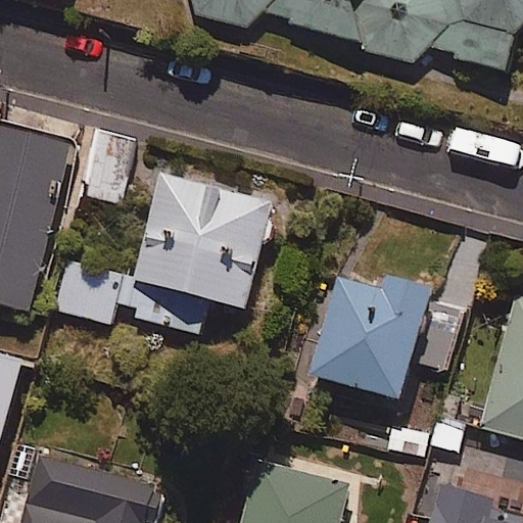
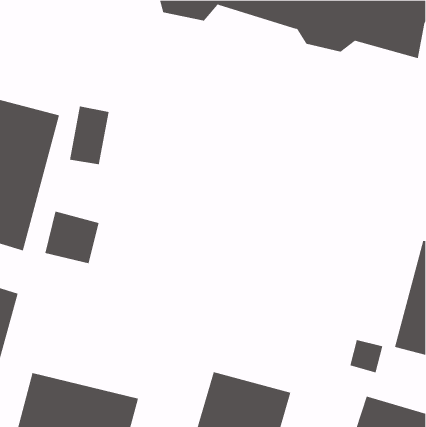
building: [125,170,273,335] -> none
building: [310,270,456,396] -> none

